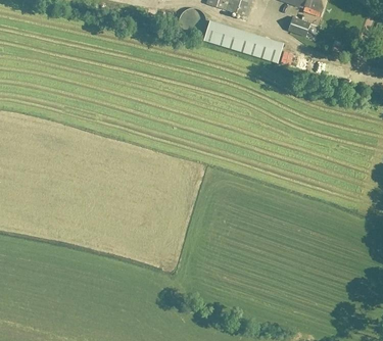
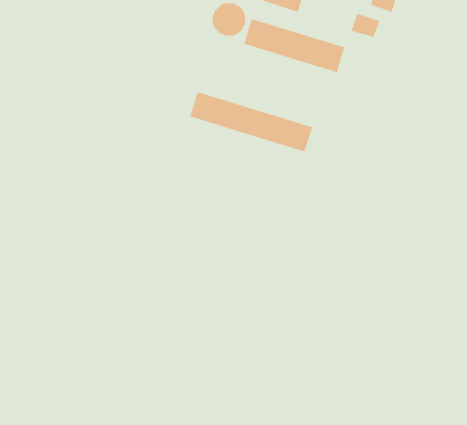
building: none -> [189,91,313,152]

